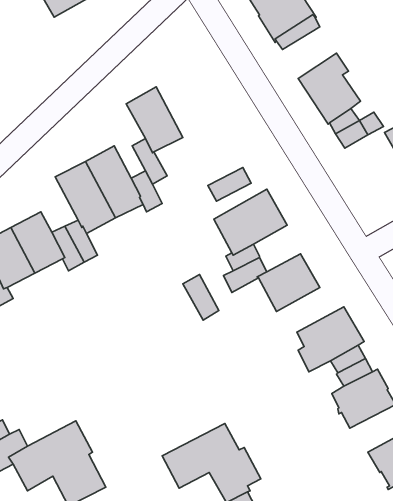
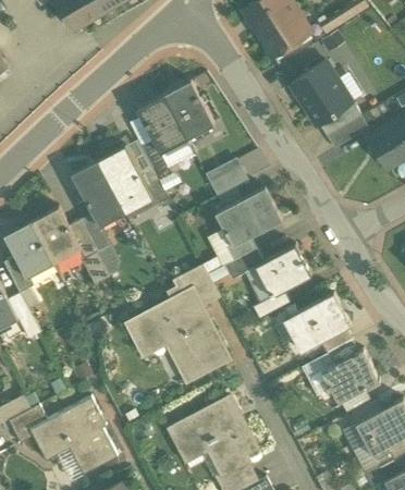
building: none -> [162,81,213,140]
building: none -> [127,291,228,387]

